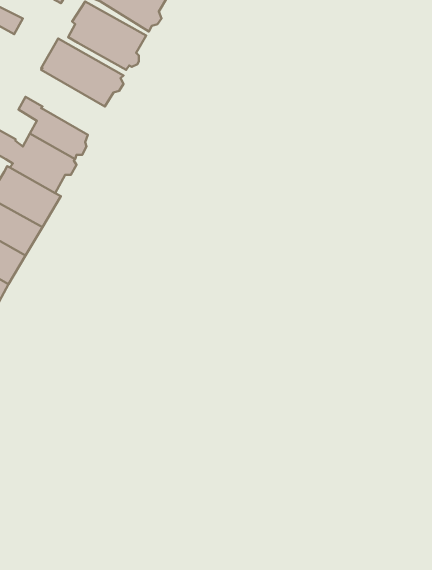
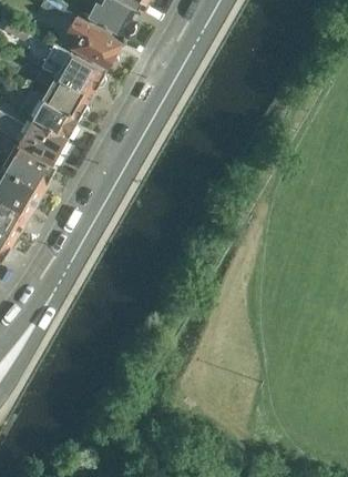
building: none -> [32,68,88,119]

